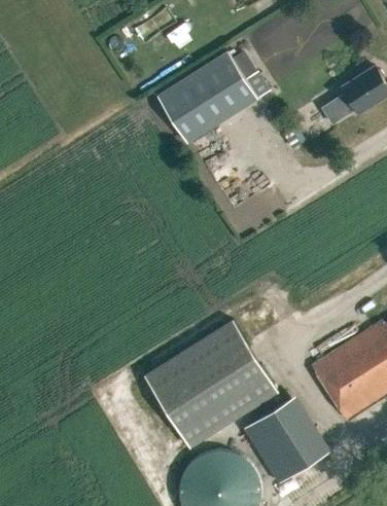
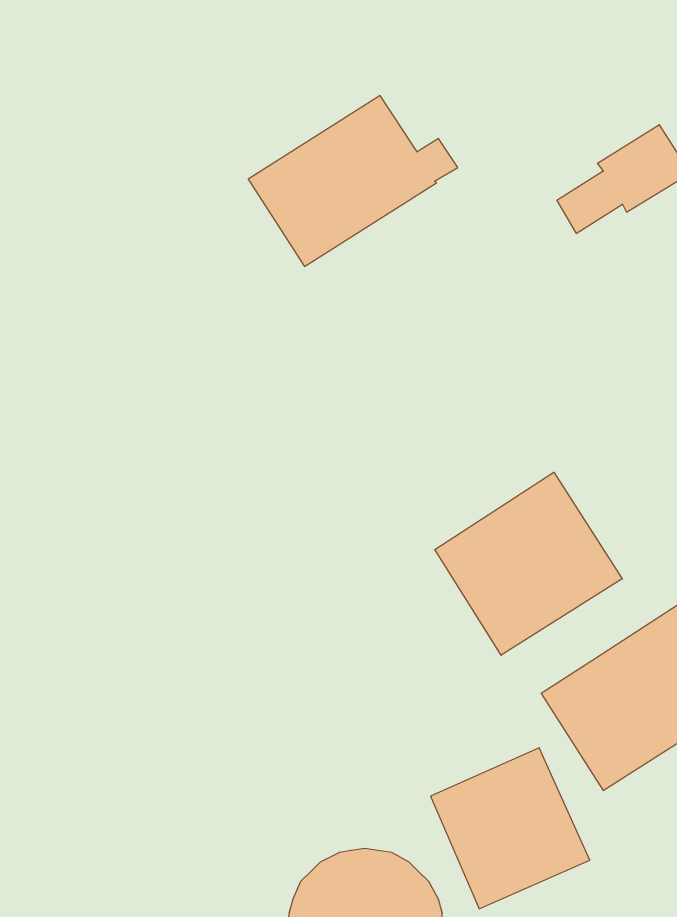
building: none -> [435,472,622,655]
building: [144,321,277,447] -> none

